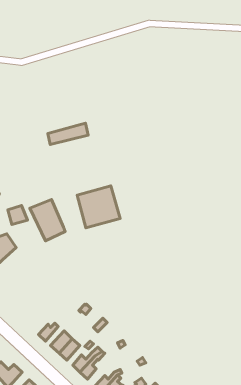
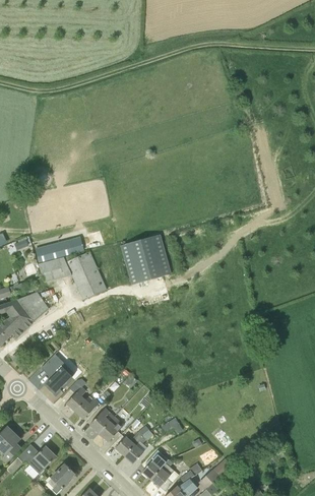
building: [48,123,88,145] -> [35,236,82,261]
building: none -> [42,358,74,392]
building: none -> [65,378,86,411]

